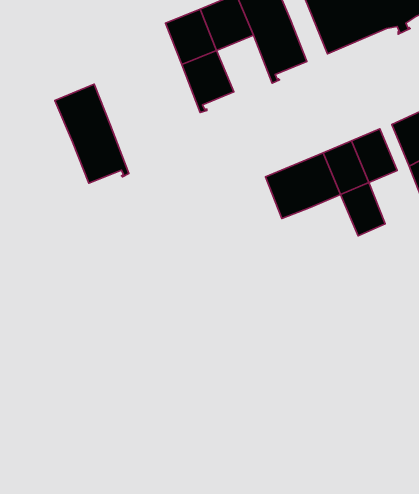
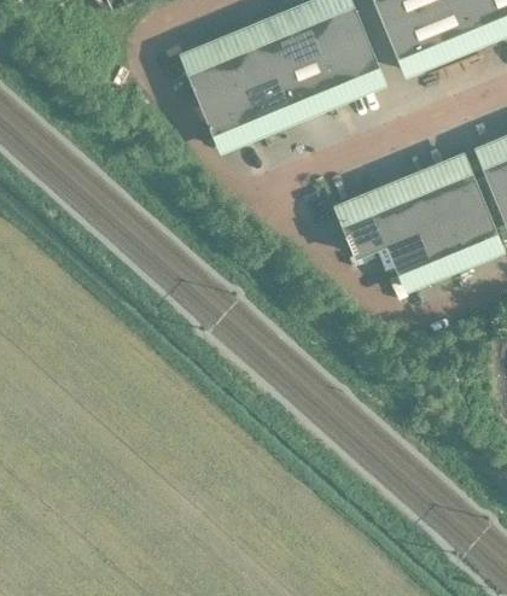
building: none -> [281,51,343,113]
building: [55,84,129,183] -> [181,37,263,147]
building: none -> [450,200,500,259]
building: none -> [385,227,438,286]

